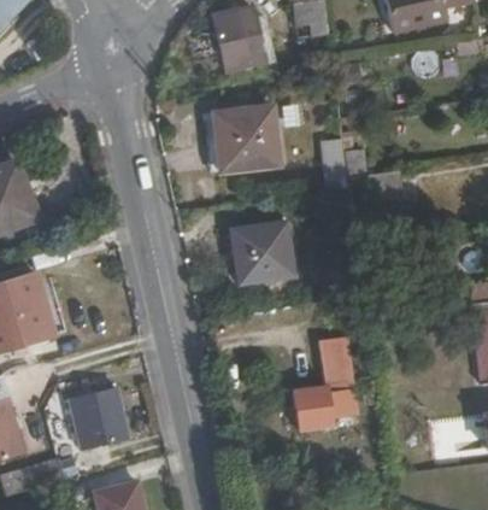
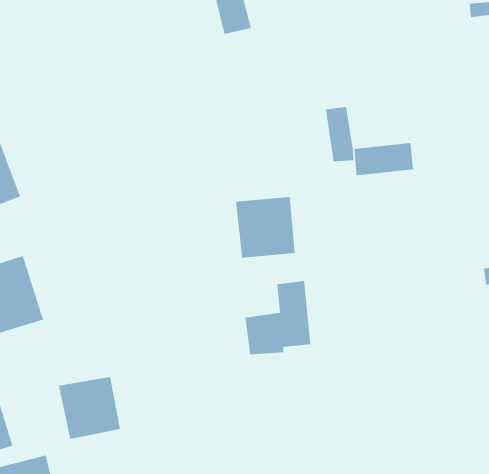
building: [216,102,282,168] -> none
building: [289,353,352,423] -> [244,280,311,355]

